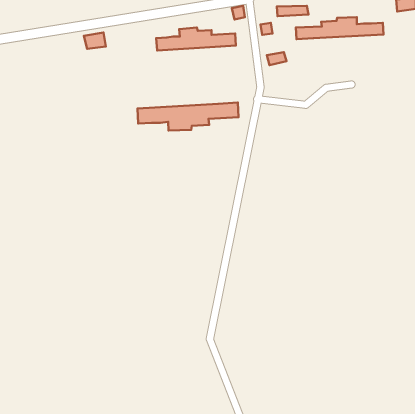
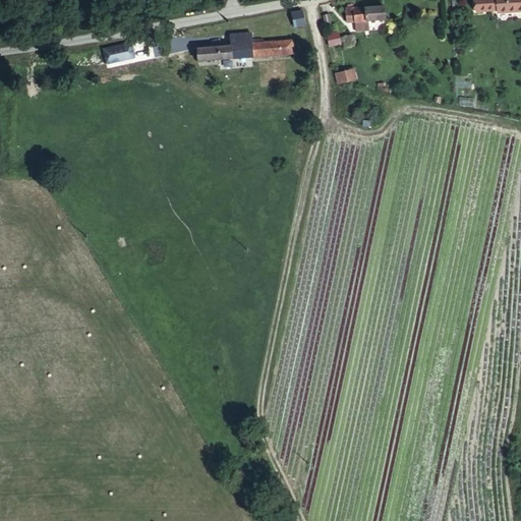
building: [296,17,383,39] -> none
building: [137,102,239,131] -> none

